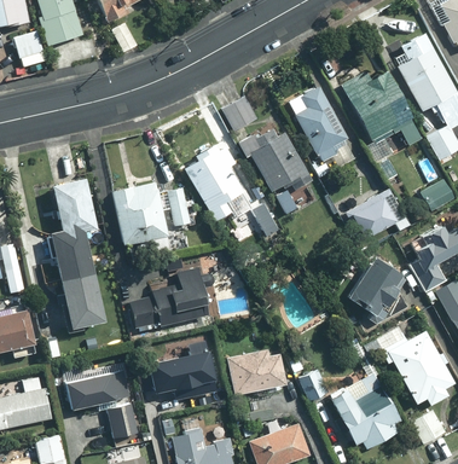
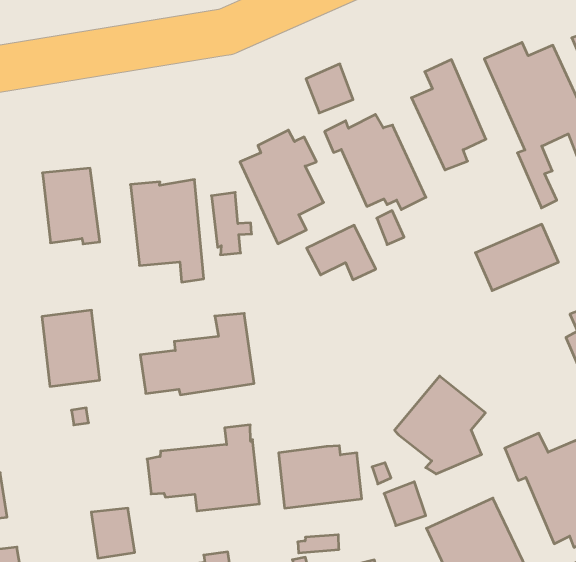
building: [52,227,95,282] -> none
building: [348,256,407,321] -> [395,376,485,474]
building: [64,369,129,407] -> none

